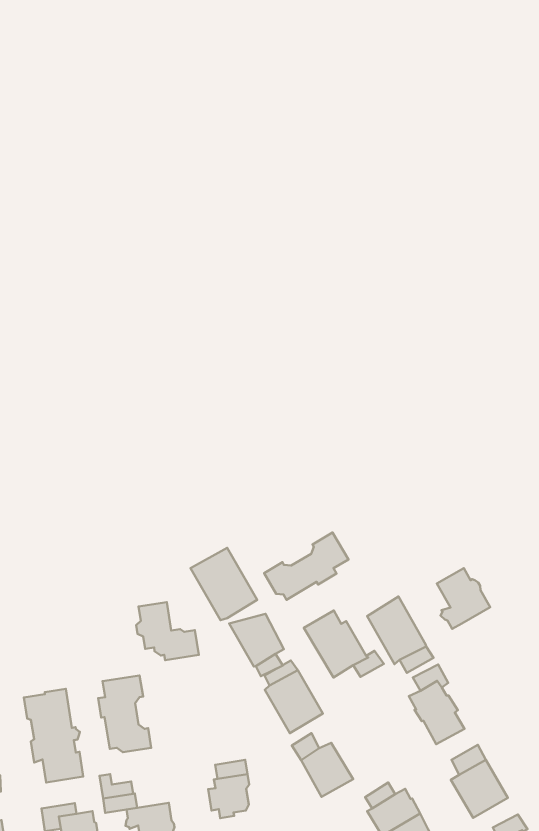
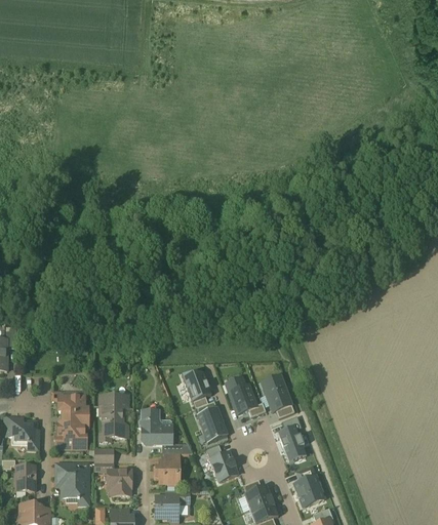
building: [264,532,348,600] -> none
building: [190,548,257,620] -> none
building: [437,568,490,629] -> none
building: [136,602,199,660] -> [140,411,172,444]

